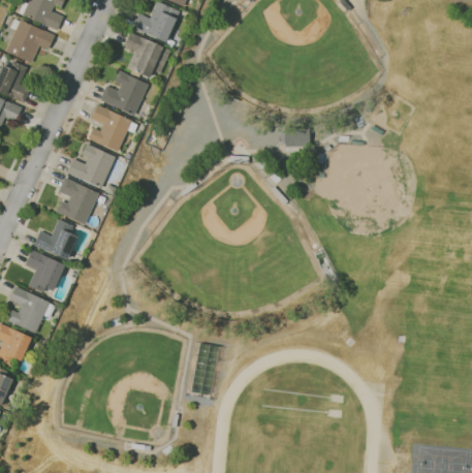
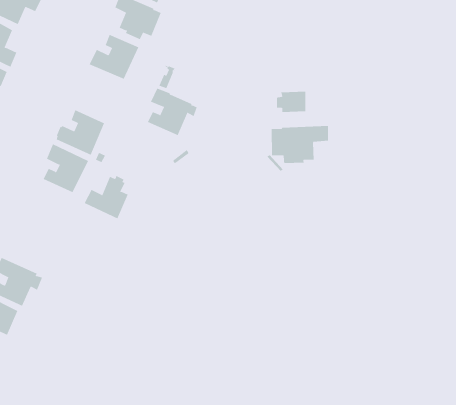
building: [88,105,136,152] -> [147,88,197,136]
building: none -> [271,125,329,164]
building: [33,218,76,260] -> [84,175,129,219]
building: [25,250,64,292] -> none

